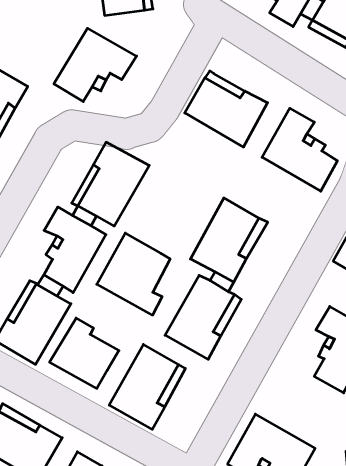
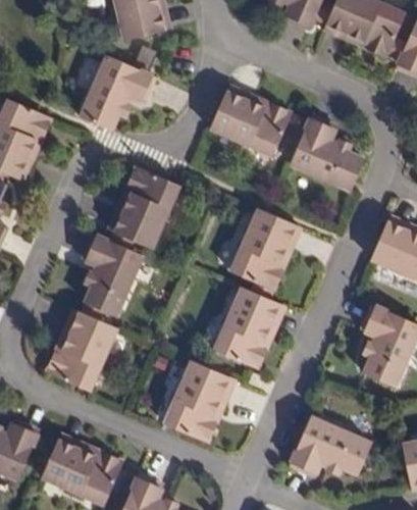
building: [97,233,170,315] -> none
building: [50,318,119,388] -> none

